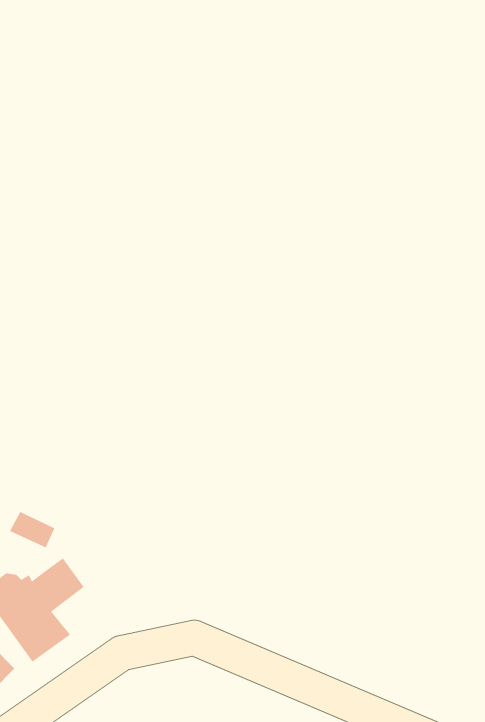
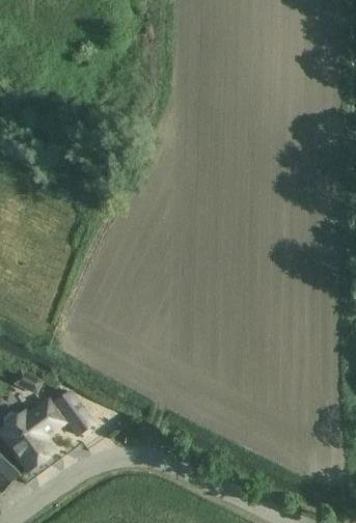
building: none -> [54,391,92,434]

